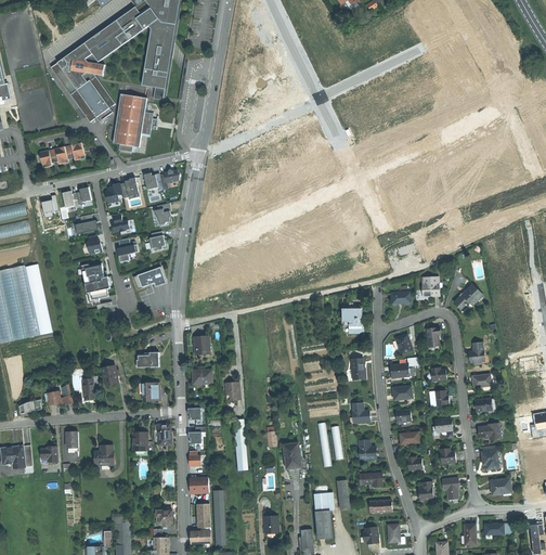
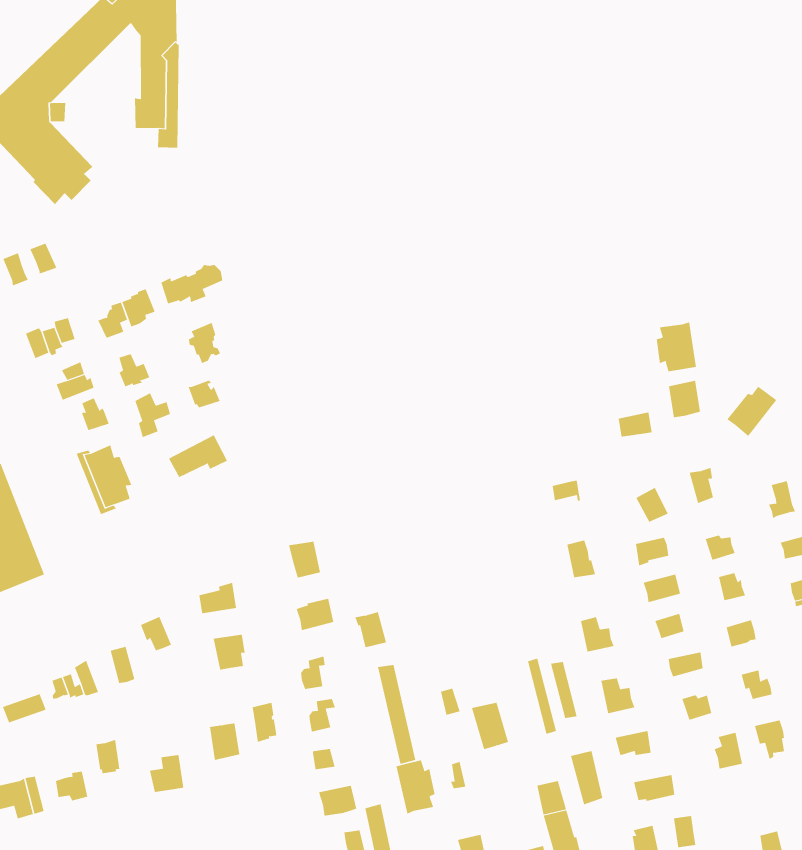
building: [114,92,153,151] -> none
building: none -> [656,321,697,372]
building: none -> [396,760,435,815]

